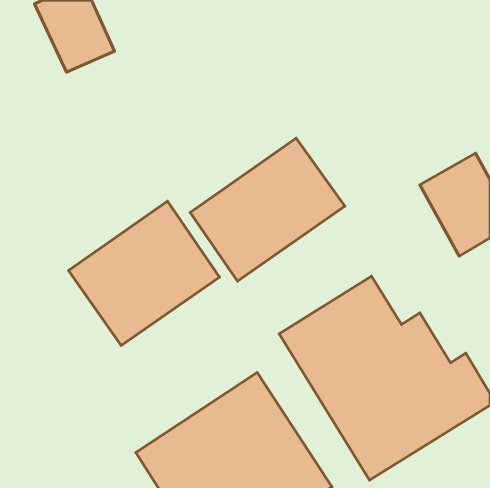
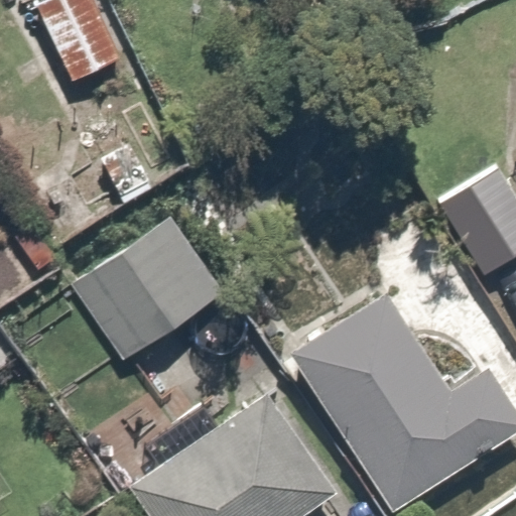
building: [190,138,345,281] -> none

